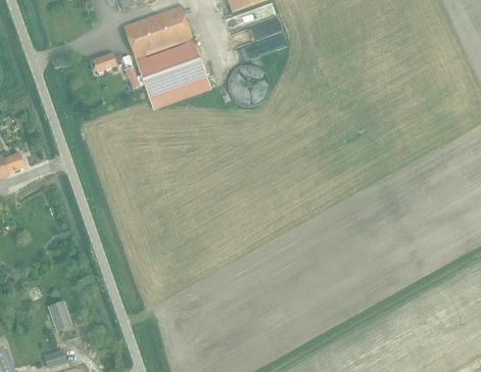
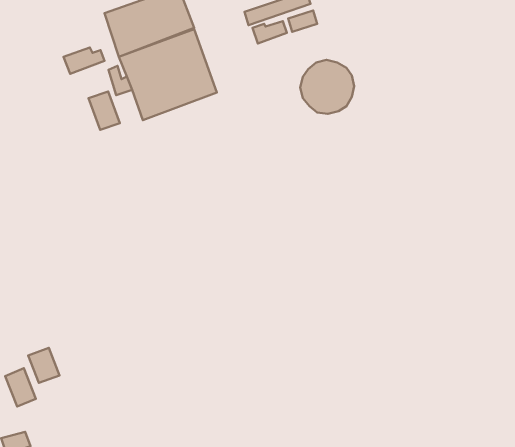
building: [227,62,269,104] -> [300,60,354,114]
building: none -> [88,92,120,130]
building: none -> [28,348,60,383]

